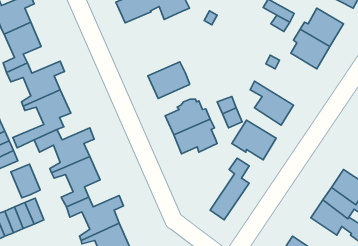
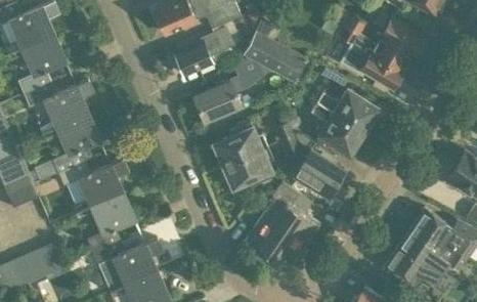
building: none -> [175,21,241,77]
building: none -> [230,33,311,93]
building: none -> [318,89,379,132]
building: none -> [249,182,298,256]
building: [11,164,40,198] -> none

